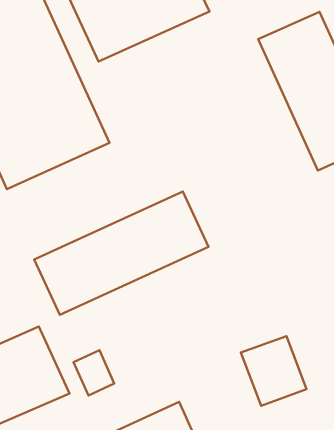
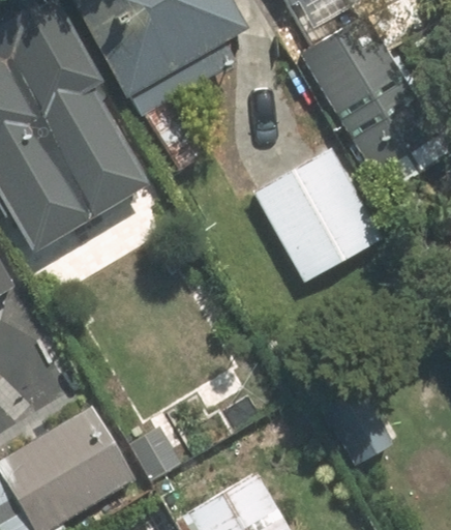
building: none -> [251,150,381,283]
building: [34,191,209,315] -> none

